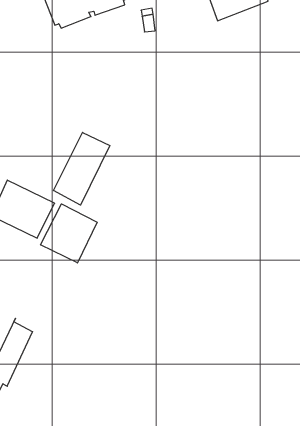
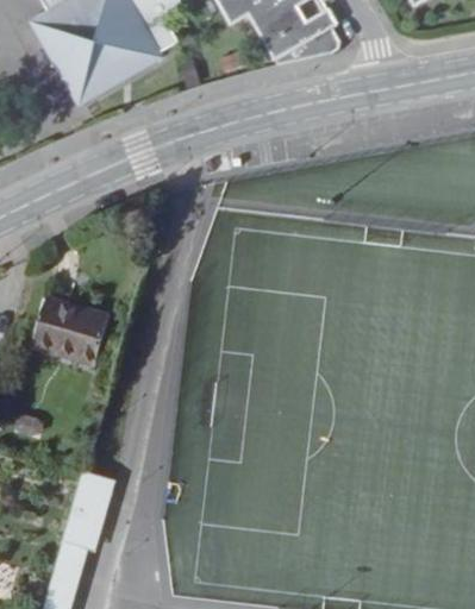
building: [54,132,110,205] -> none
building: [41,204,97,263] -> none

